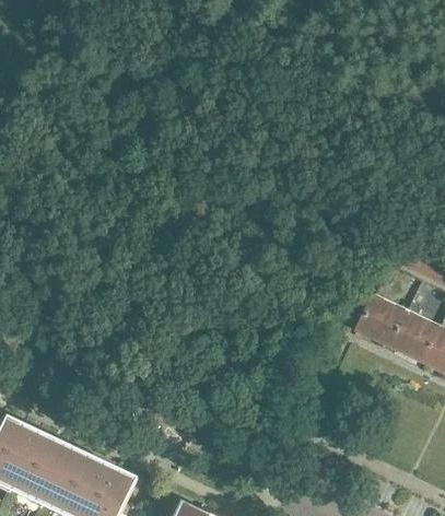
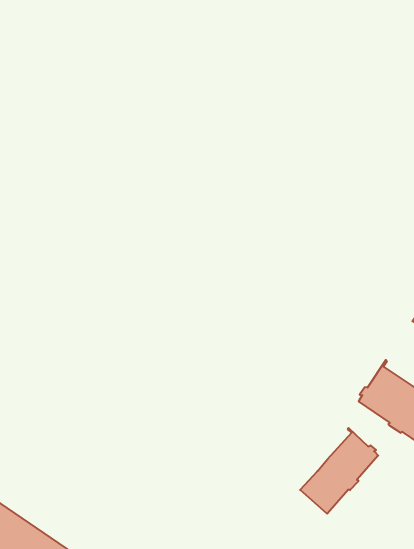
building: none -> [300,428,378,514]

